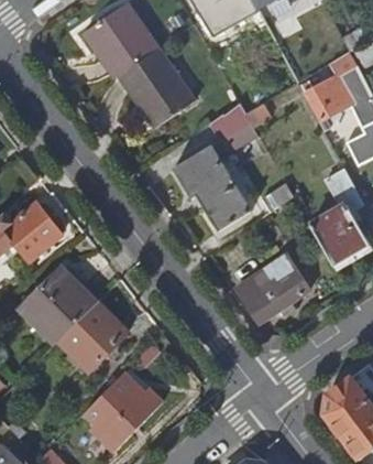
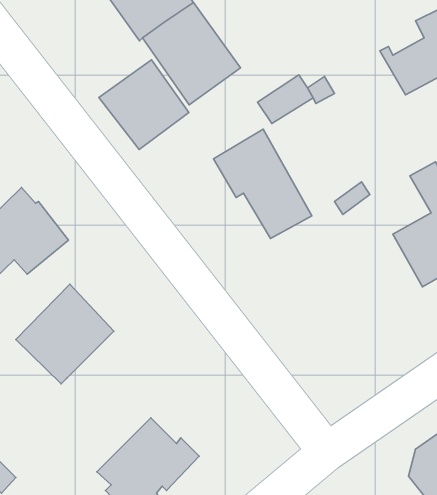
building: none -> [99,60,189,150]
building: [238,260,304,322] -> none
building: [59,301,129,369] -> none

